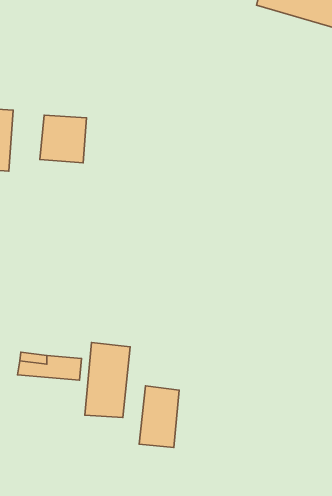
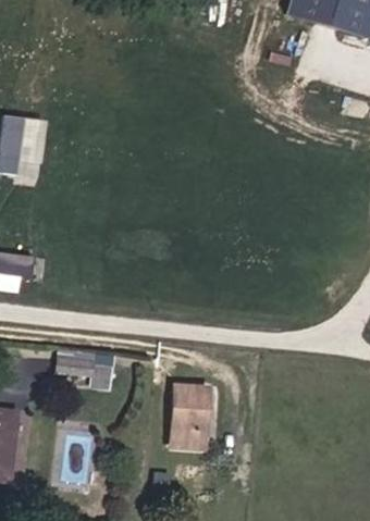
building: [40,115,86,163] -> none
building: [85,343,130,418] -> none

